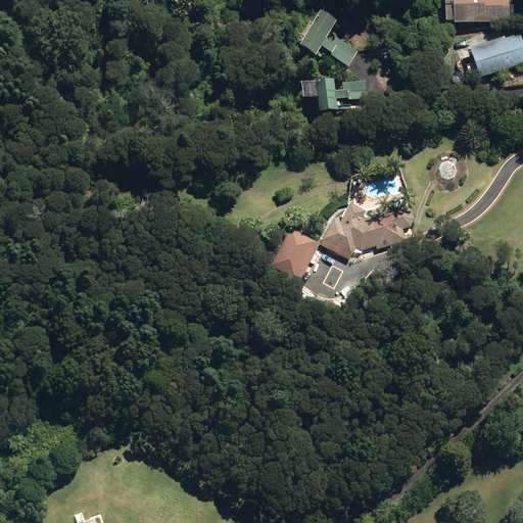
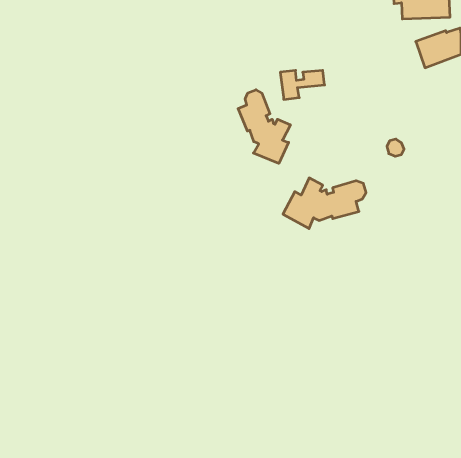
building: [300,13,356,64] -> none
building: none -> [238,90,290,163]
building: [270,226,319,279] -> none

